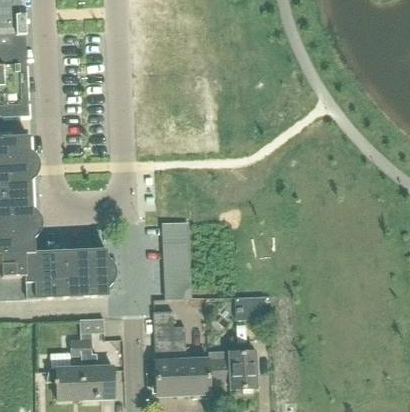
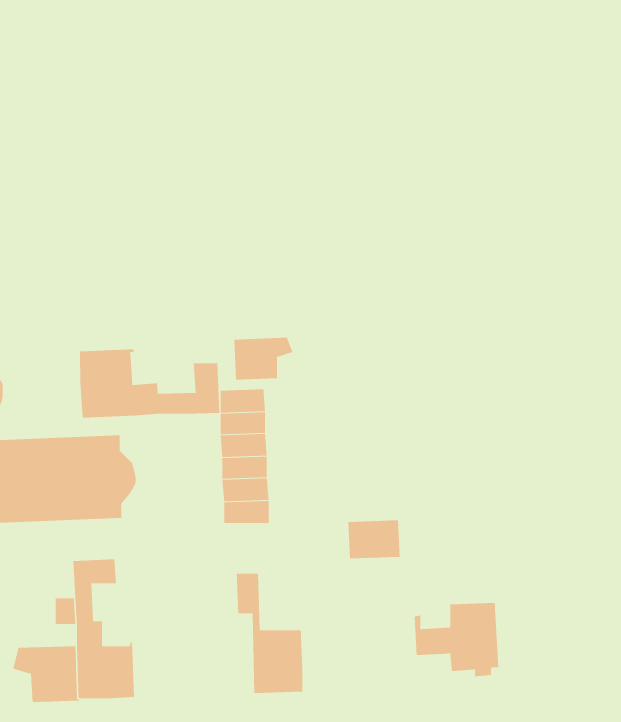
building: none -> [234,337,293,381]
building: none -> [79,348,220,419]
building: [152,309,181,394] -> none
building: [208,349,256,391] -> [414,602,499,677]

